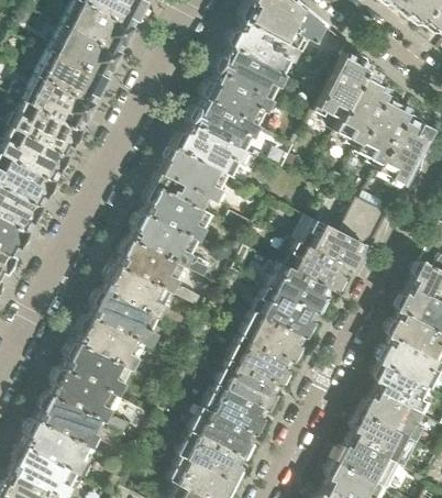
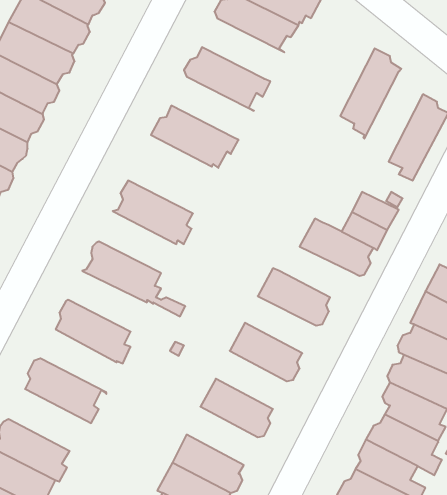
building: [214,46,288,99] -> none
building: [314,53,371,131] -> none
building: [357,92,409,170] -> none
building: [188,97,262,150] -> none
building: [153,147,225,215] -> none
building: [128,213,211,277] -> none
building: [284,241,346,291] -> none
building: [101,265,169,319] -> none
building: [254,287,316,336] -> none
building: [77,316,143,370] -> none
building: [229,334,290,385] -> none
building: [49,367,131,432] -> none
building: [201,378,265,433] -> none

